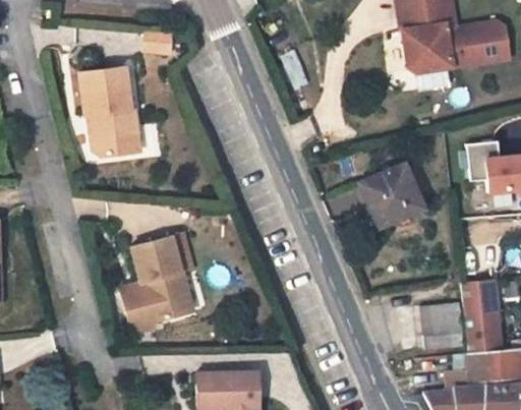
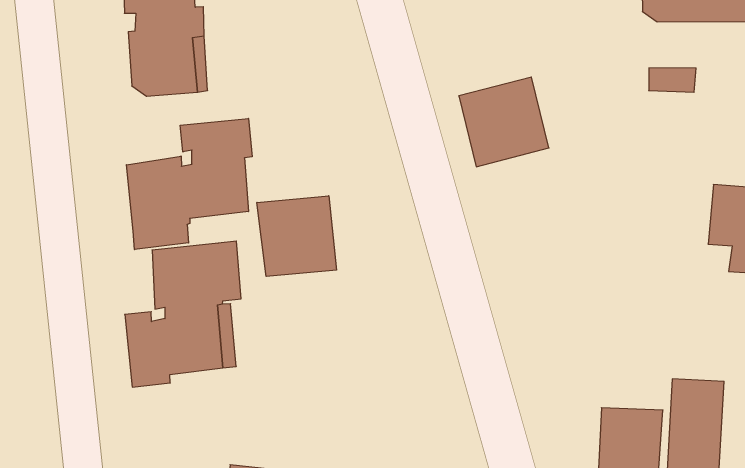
building: none -> [126,118,252,250]
building: [362,163,423,224] -> [459,77,549,167]
building: none -> [257,196,336,276]

